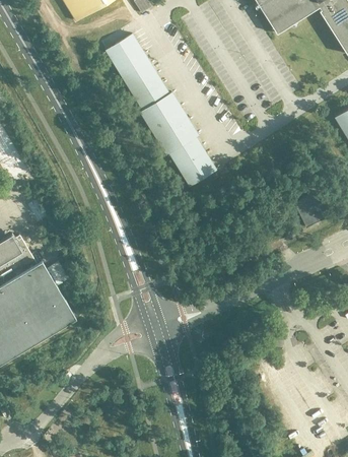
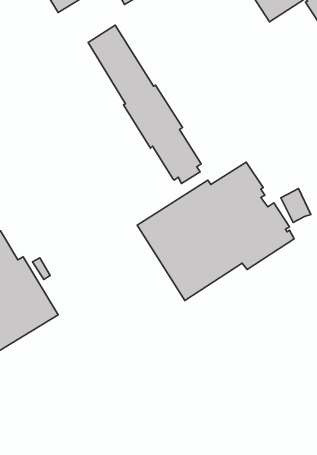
building: none -> [137,162,294,300]

